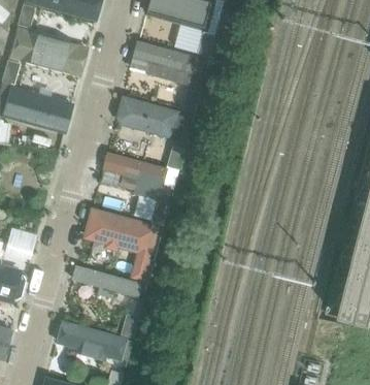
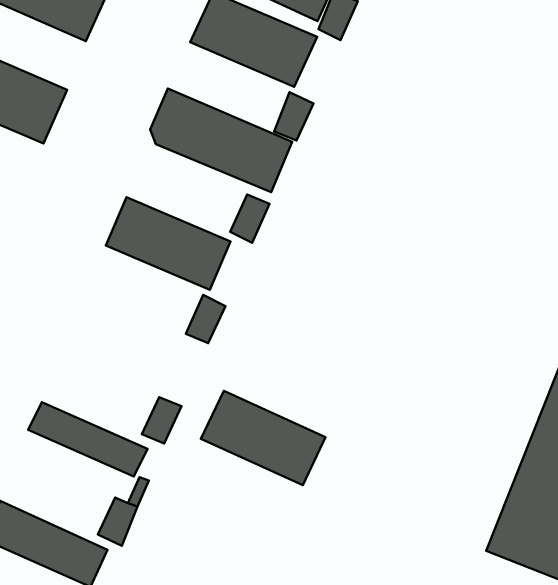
building: [88,210,153,253] -> [201,391,326,485]

